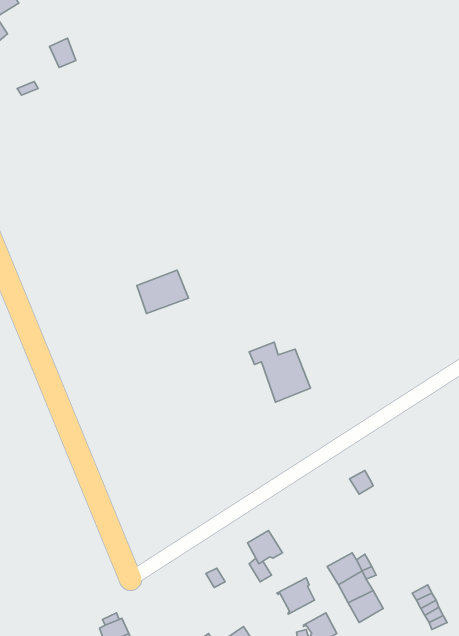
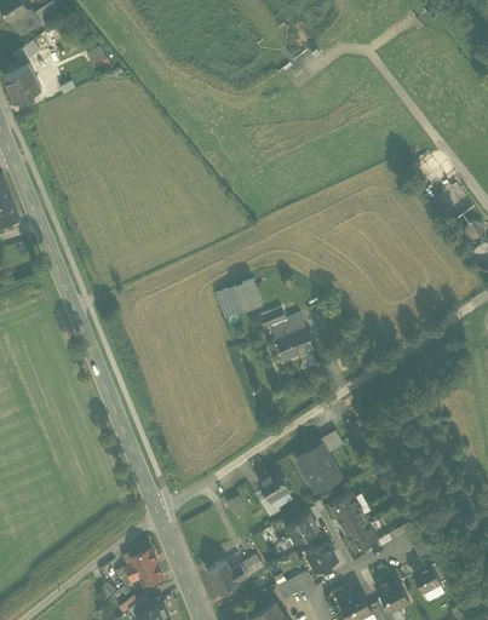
building: [137,270,188,313] -> [216,280,260,317]
building: none -> [292,440,341,492]

